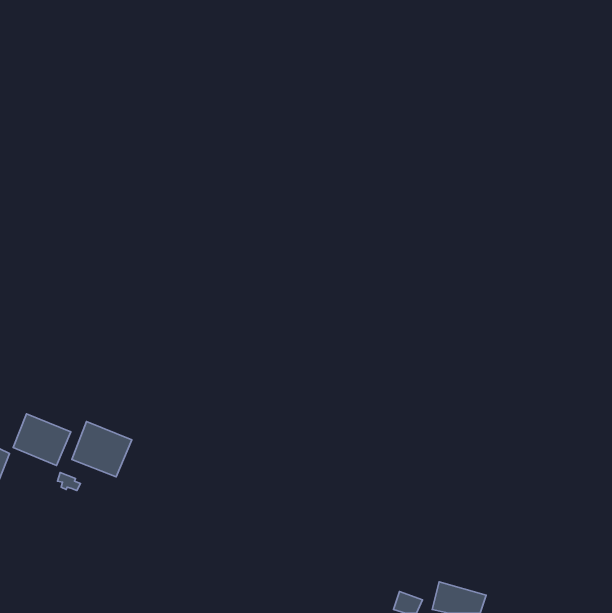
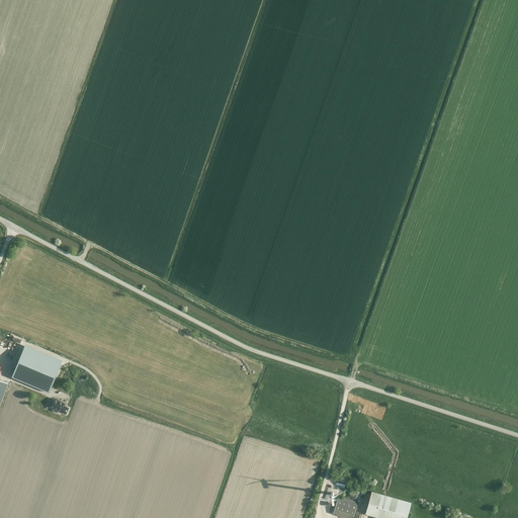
building: [72,422,132,477] -> none

